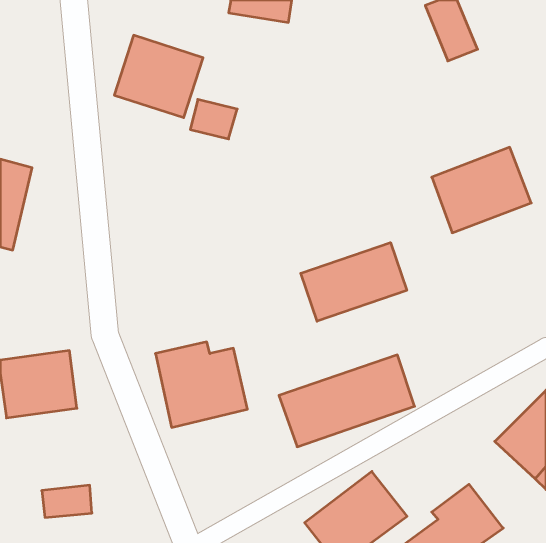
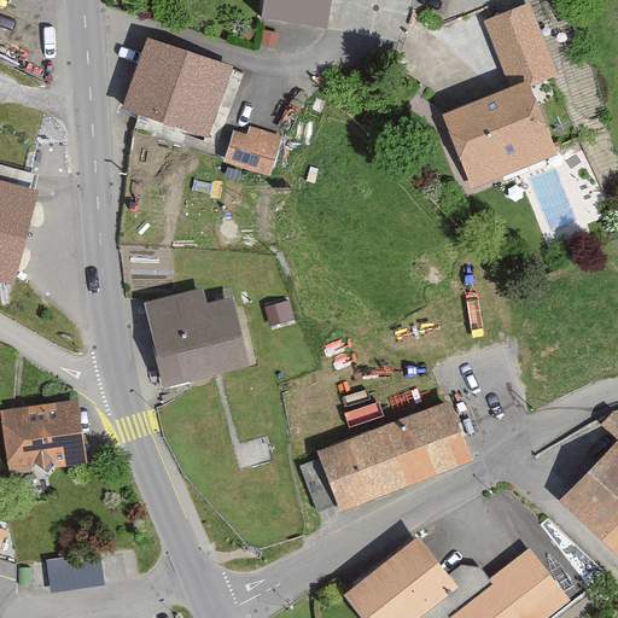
building: [432,147,531,233] -> [436,78,548,175]
building: [301,243,407,321] -> none
building: [155,342,247,427] -> [146,290,250,386]

